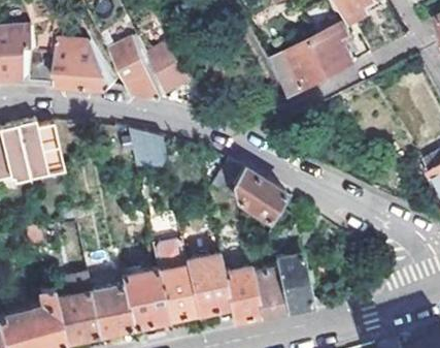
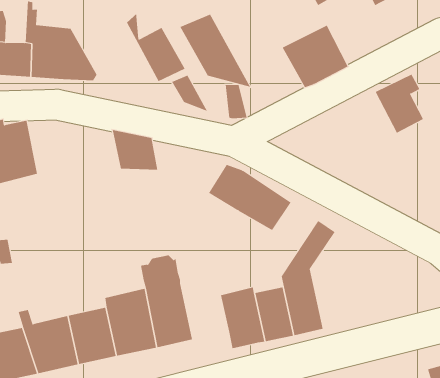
building: [311,25,353,76] -> [375,74,424,133]
building: [104,38,166,102] -> [180,14,251,88]
building: [184,255,226,313] -> none

